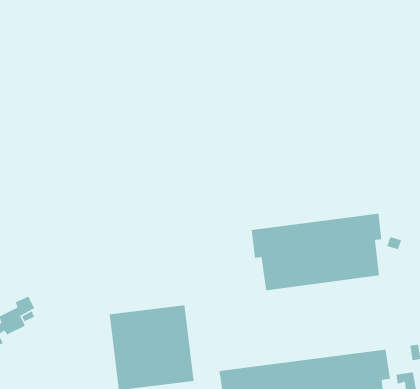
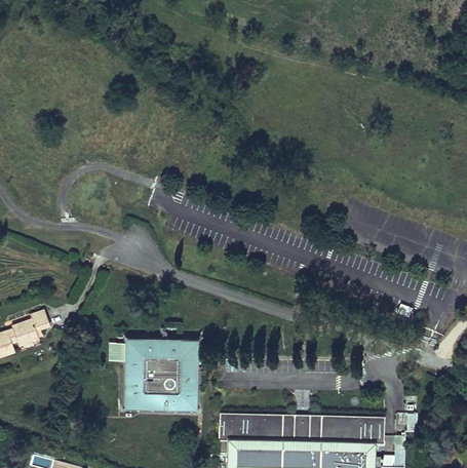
building: [251,213,382,291] -> none

